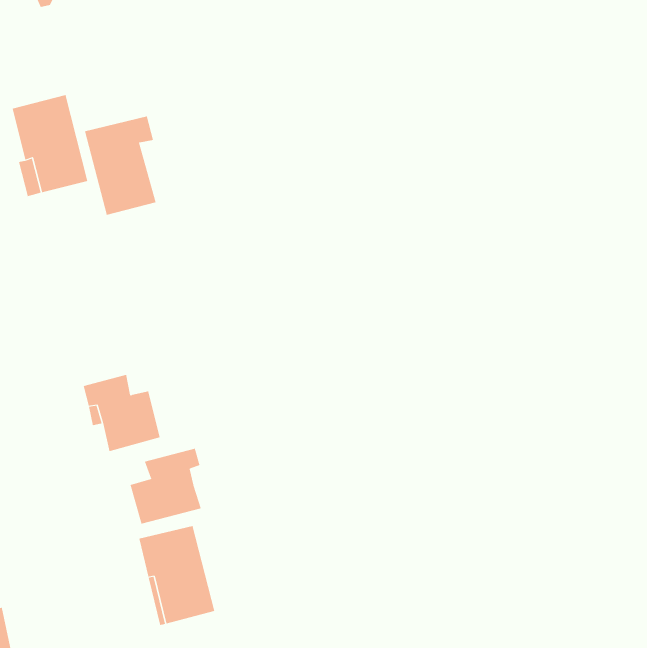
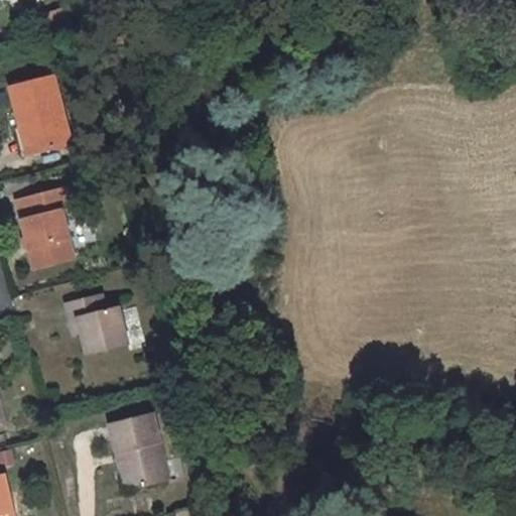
building: [84,116,157,215] -> [17,188,74,266]
building: [130,448,202,524] -> none

